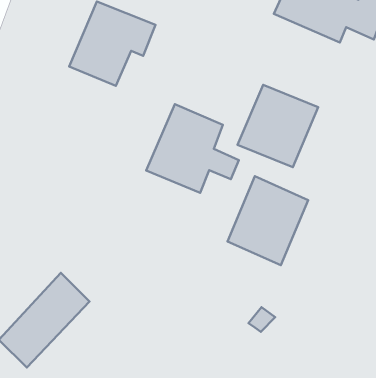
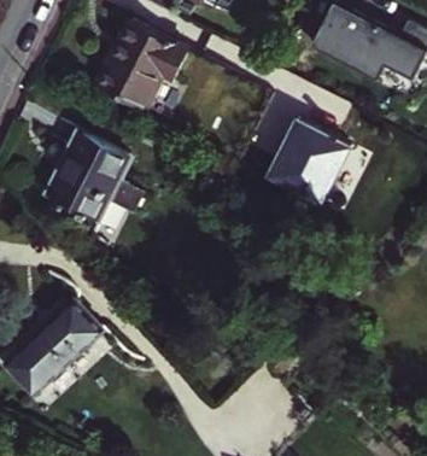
building: [146,104,239,193] -> [46,133,142,226]
building: [227,176,308,265] -> none

